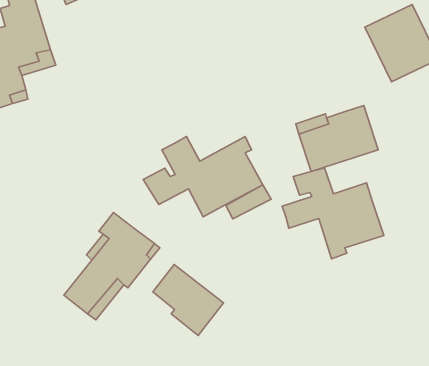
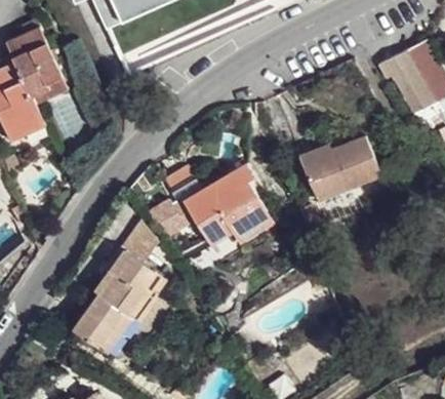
building: [282,168,384,259] -> none
building: none -> [124,218,162,261]
building: [153,265,224,335] -> none

